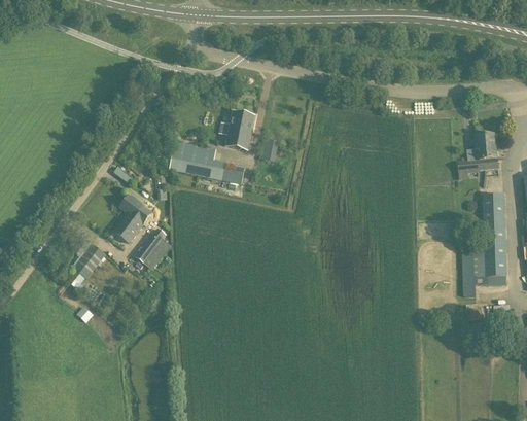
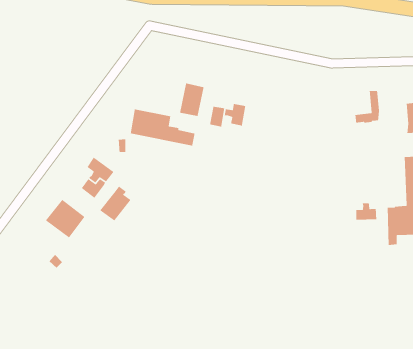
building: none -> [224,103,246,127]
building: [457,134,486,172] -> [354,90,380,123]
building: none -> [355,202,377,221]

